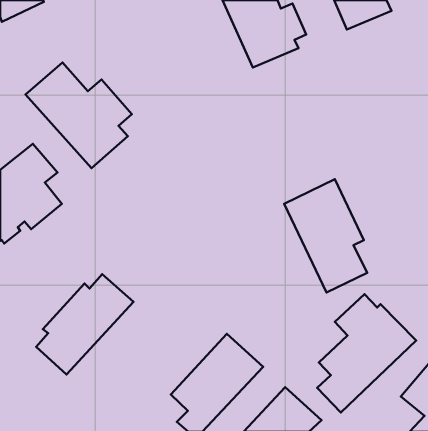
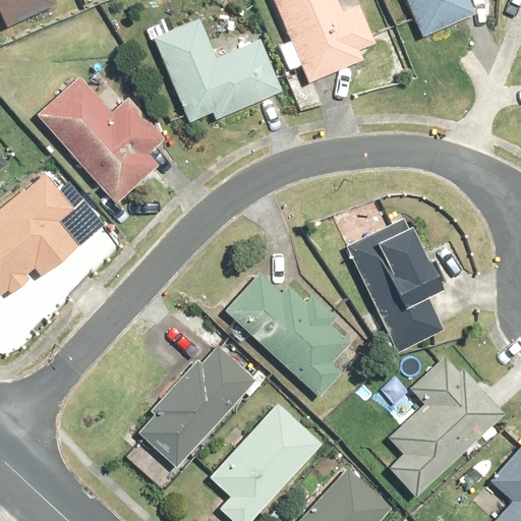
building: none -> [153,17,283,122]
building: none -> [224,271,352,397]
building: [36,274,133,375] -> [139,347,256,468]

